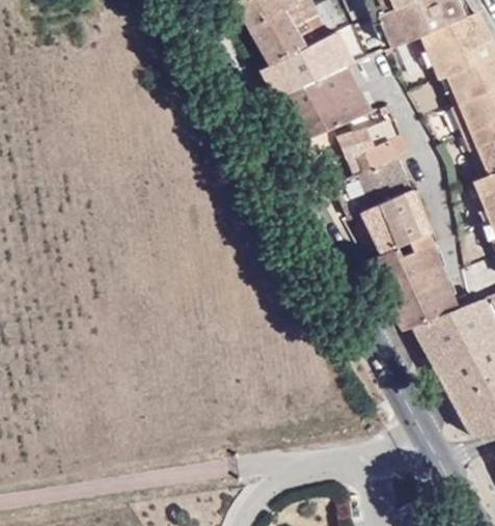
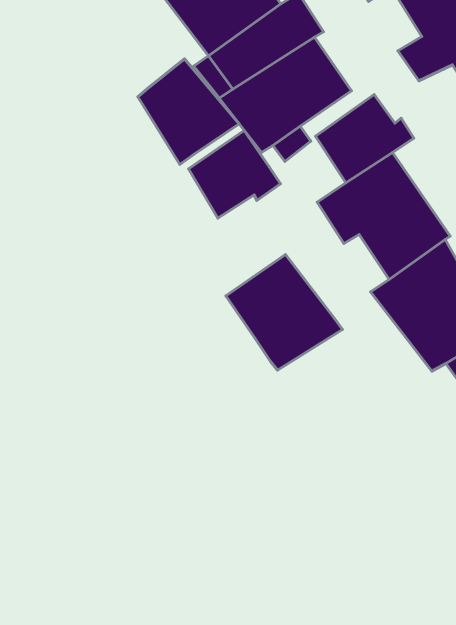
building: none -> [138,59,239,165]
building: none -> [189,131,281,218]
building: none -> [226,255,343,370]

